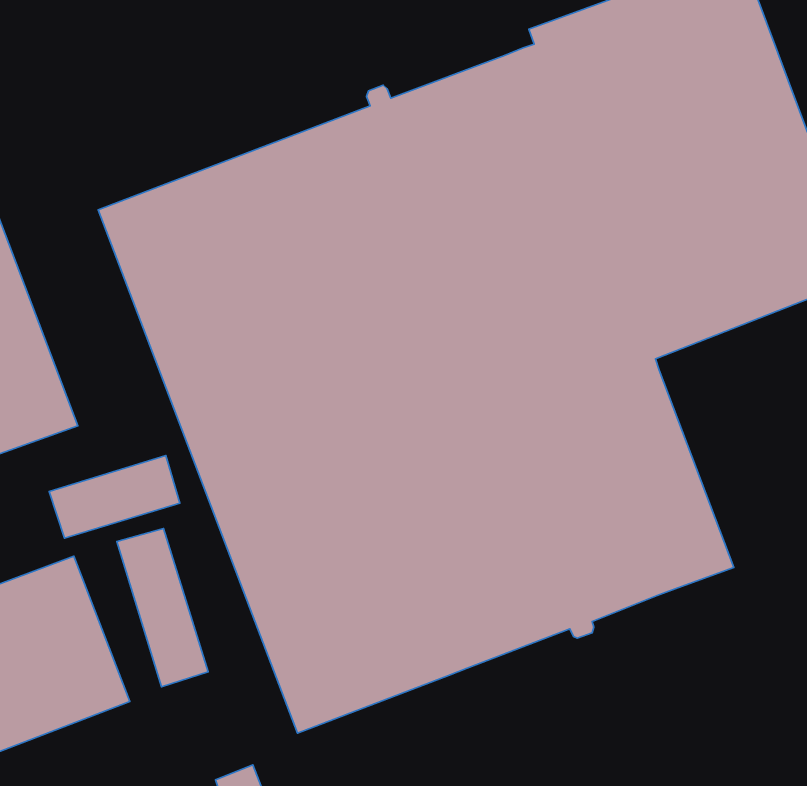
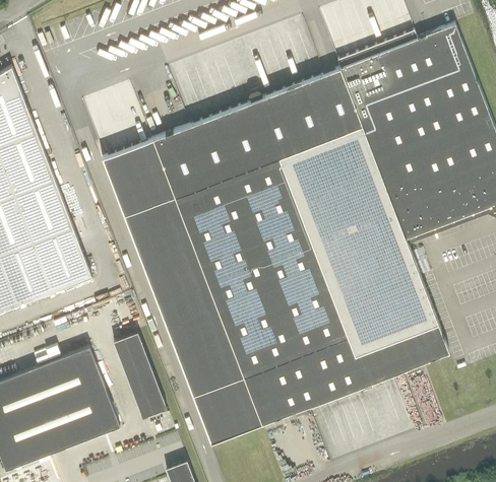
building: [49,456,180,538] -> none

